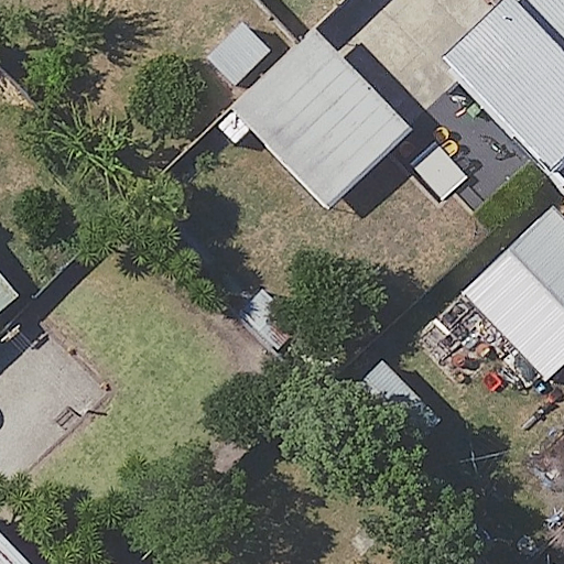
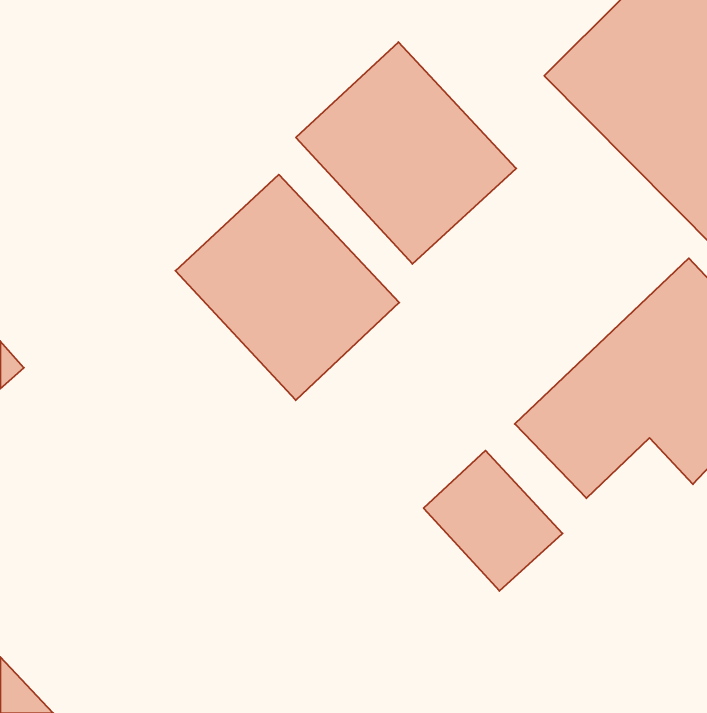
building: none -> [175,175,399,400]

